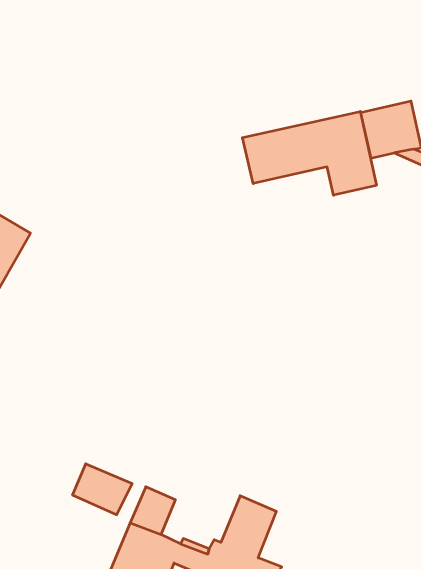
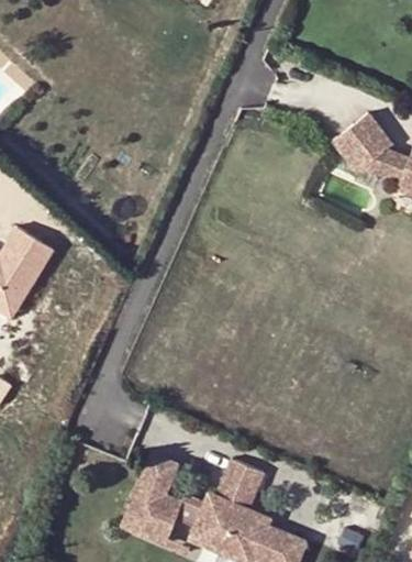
building: [242,111,376,195] -> none
building: [73,464,132,515] -> none

